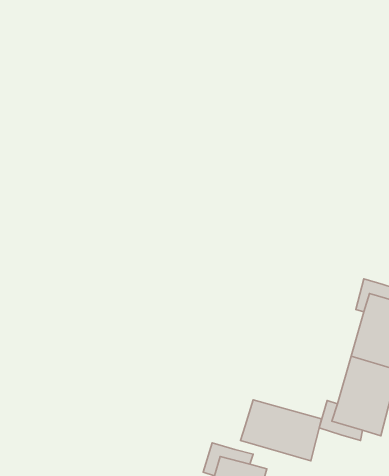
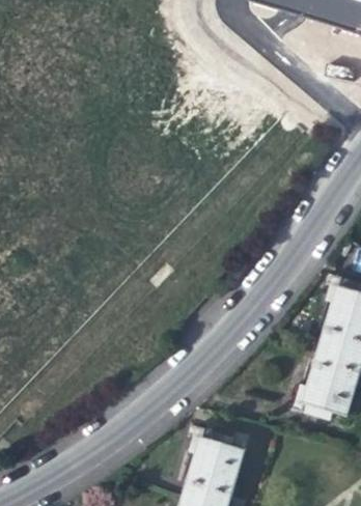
building: [240,400,322,461] -> none

